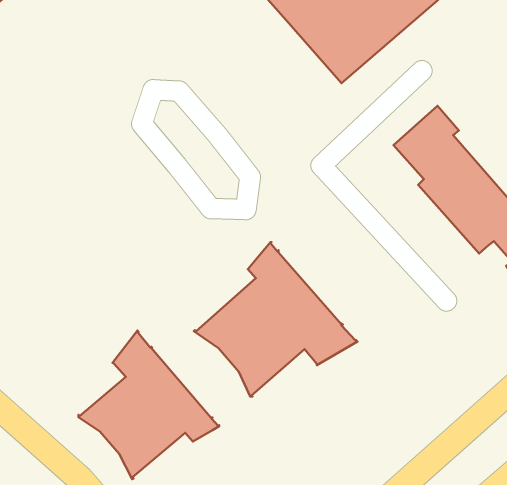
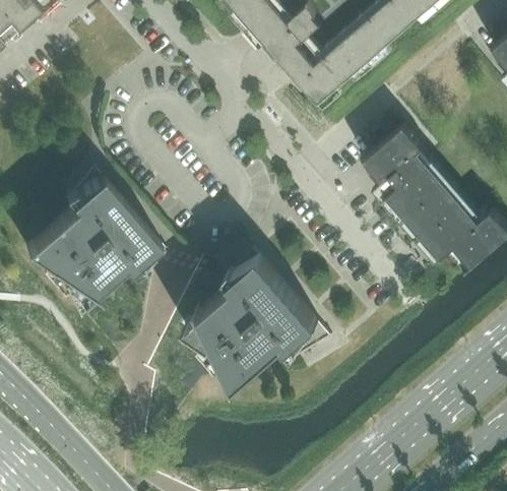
building: none -> [23,169,165,309]
building: [78,331,219,479] -> none

